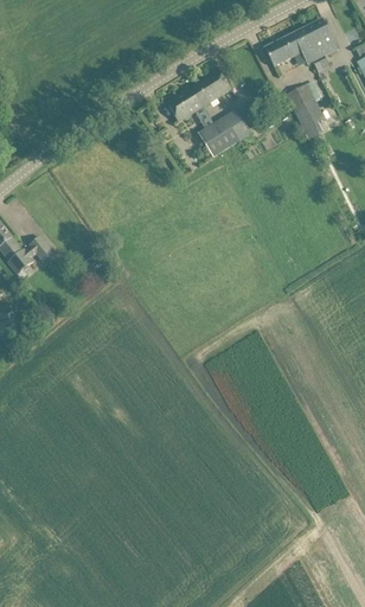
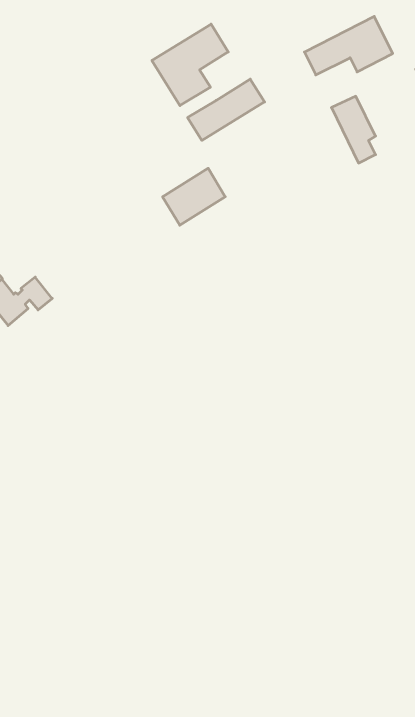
building: none -> [152,24,228,106]
building: [199,109,251,156] -> [163,168,225,225]

